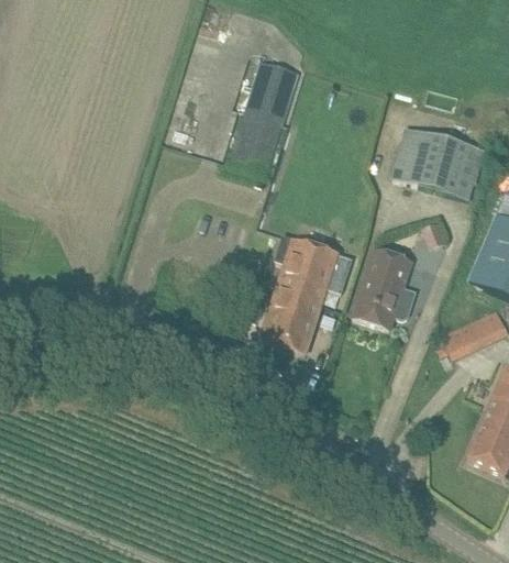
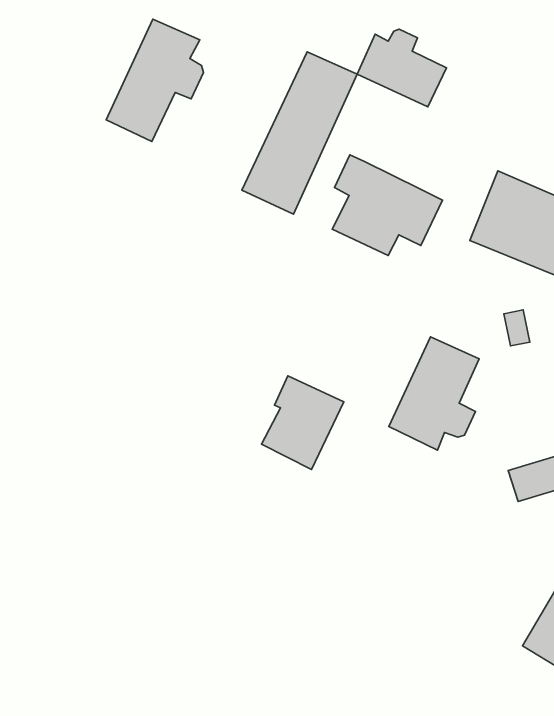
building: none -> [357,29,446,107]
building: none -> [106,19,203,141]
building: [276,235,353,302] -> [332,155,442,255]

